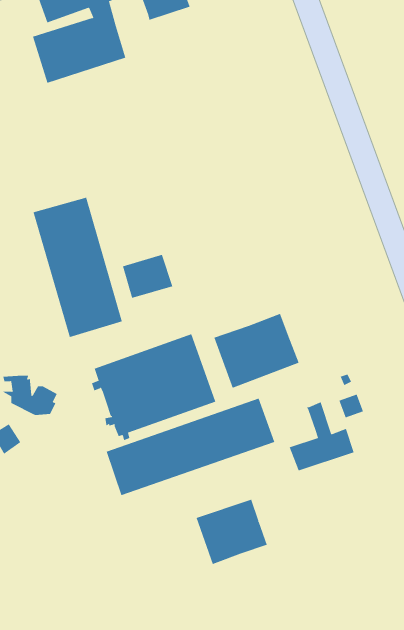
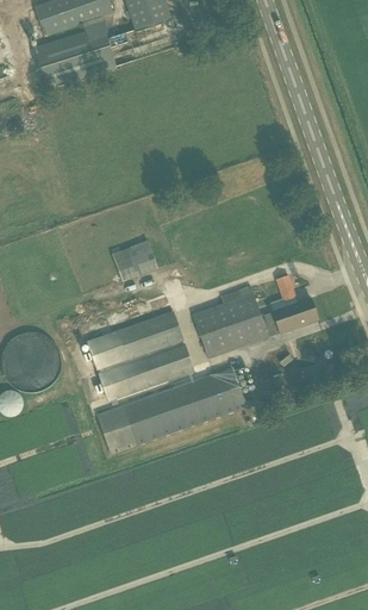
building: [33,197,122,338] -> none
building: [289,401,355,471] -> [260,273,318,335]
building: [196,499,267,565] -> none

